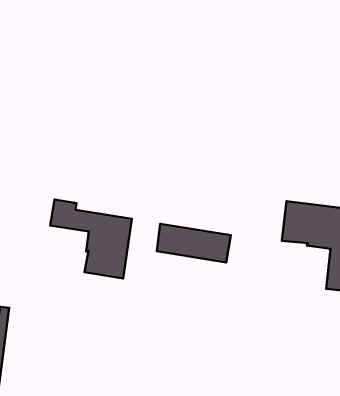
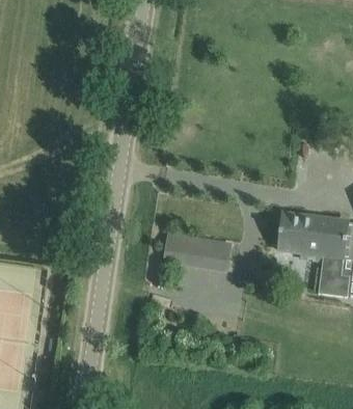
building: [50,199,132,278] -> none

